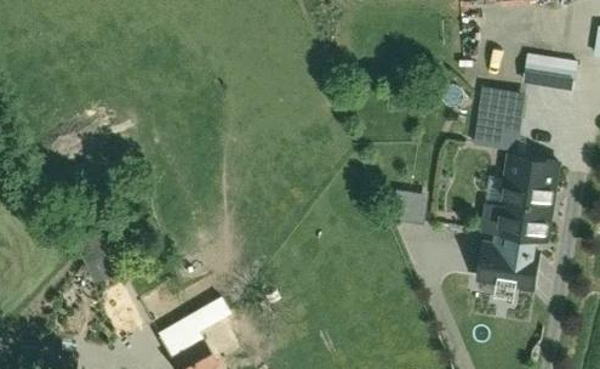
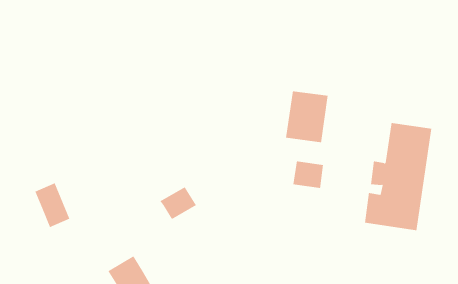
building: [520,51,582,89] -> none
building: [473,84,526,148] -> [285,91,329,143]
building: [188,294,234,335] -> [160,186,197,220]

